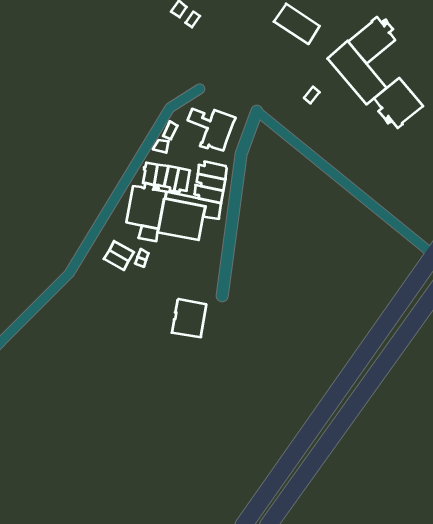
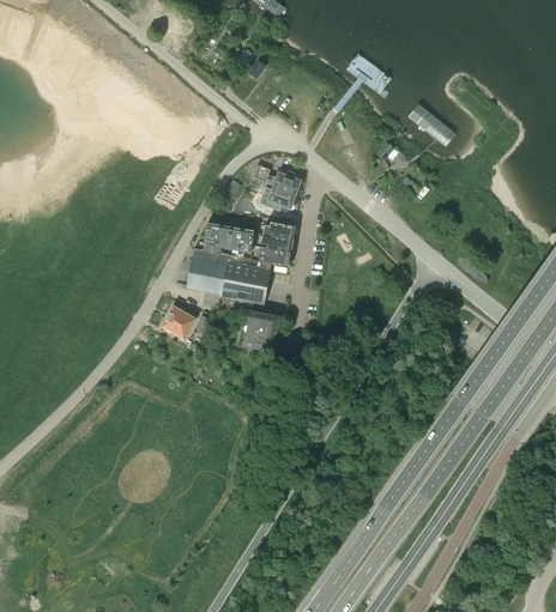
building: [348,17,395,63] -> none
building: [374,78,423,128] -> none
building: [172,299,206,337] -> [242,309,279,350]

